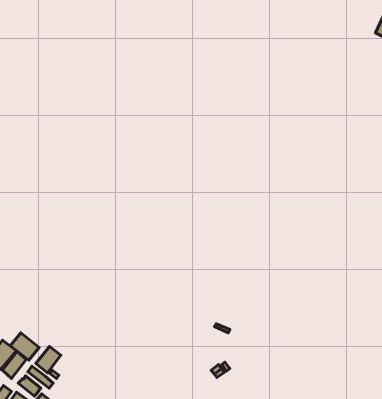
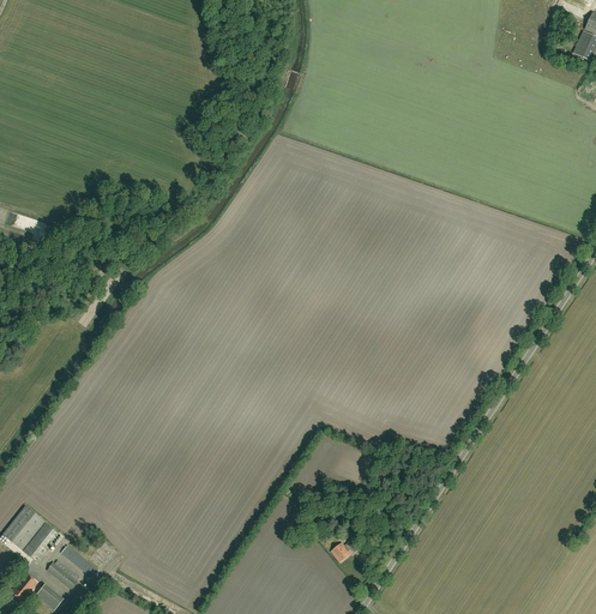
building: [10,333,39,360] -> none
building: [36,346,61,373] -> none

